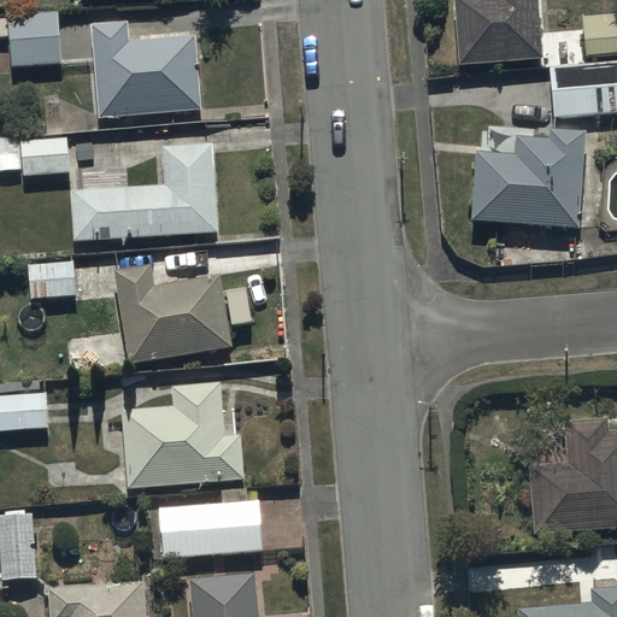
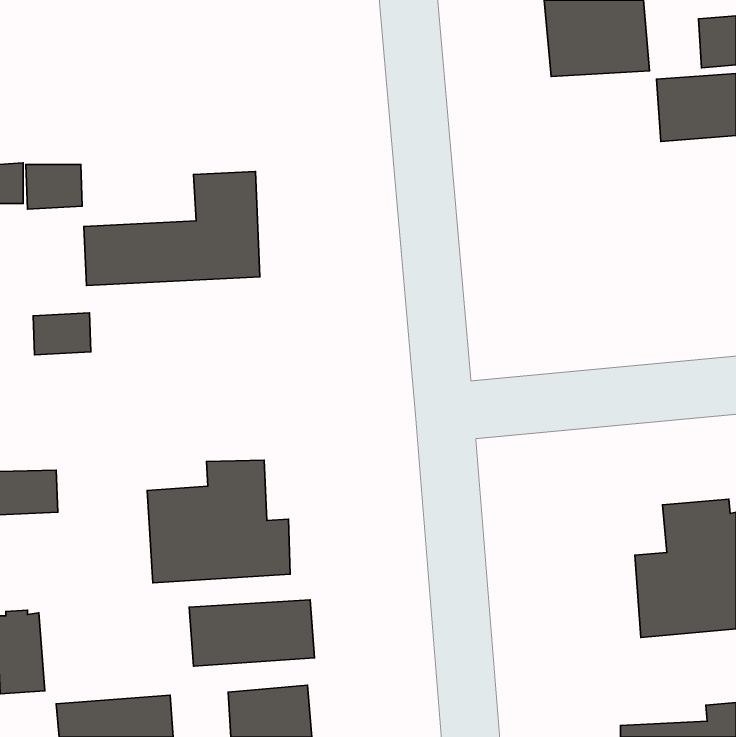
building: [7,12,61,66] -> none
building: [90,22,201,118] -> none
building: [475,128,586,228] -> none
building: [116,265,231,362] -> none

